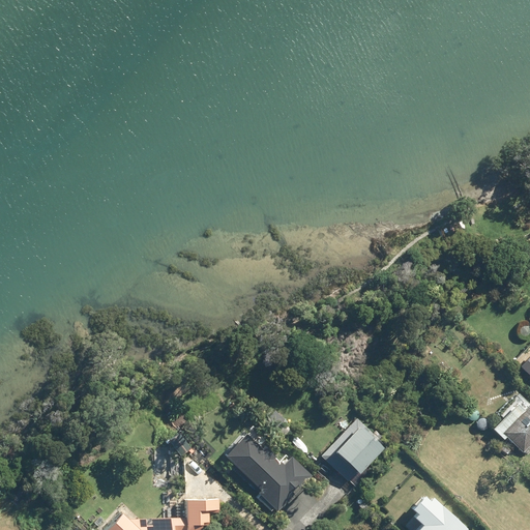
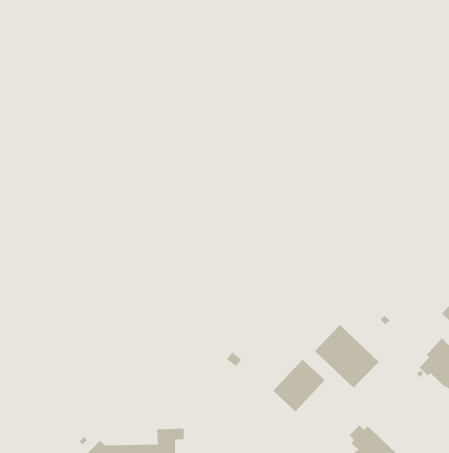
building: none -> [314,324,380,389]
building: [224,434,314,512] -> none

